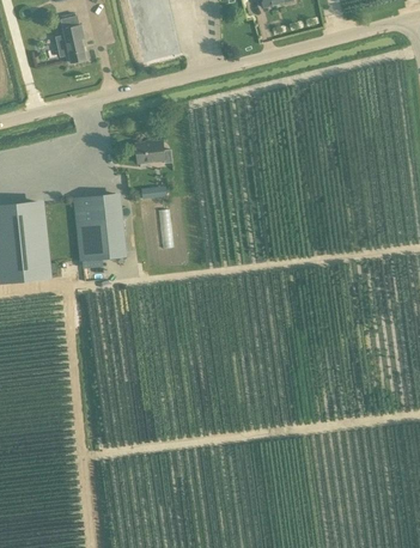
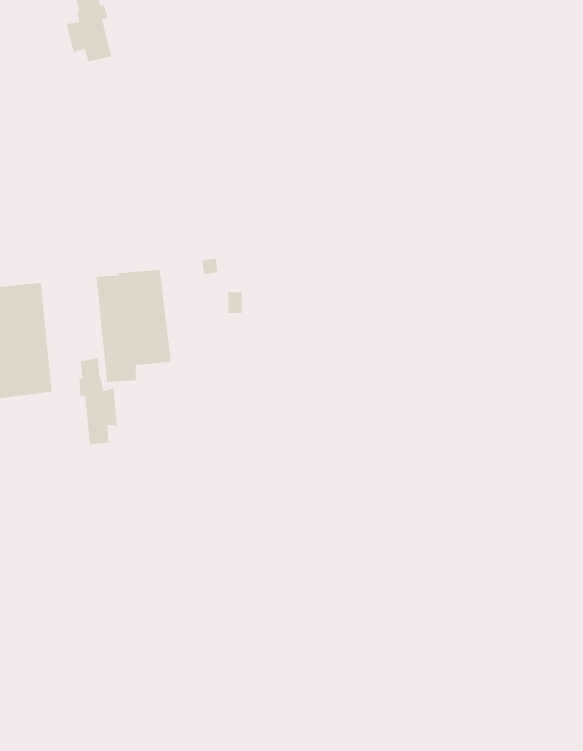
building: [134,140,172,163] -> none
building: none -> [78,357,118,445]

